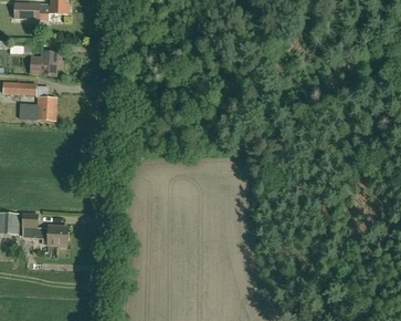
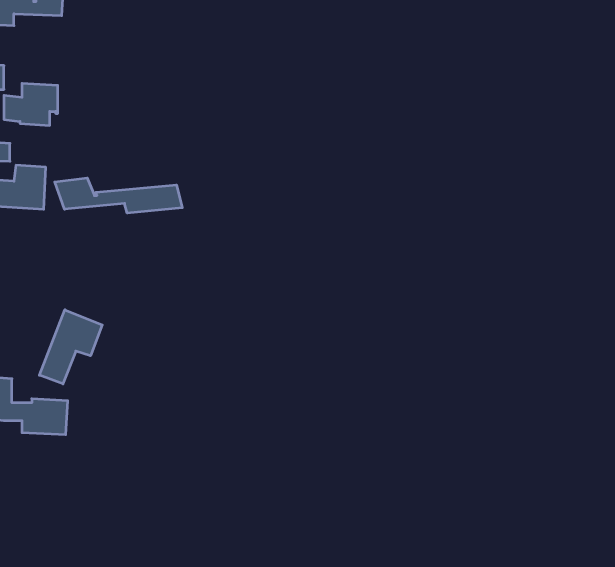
building: none -> [55,178,182,213]
building: none -> [39,310,102,384]

